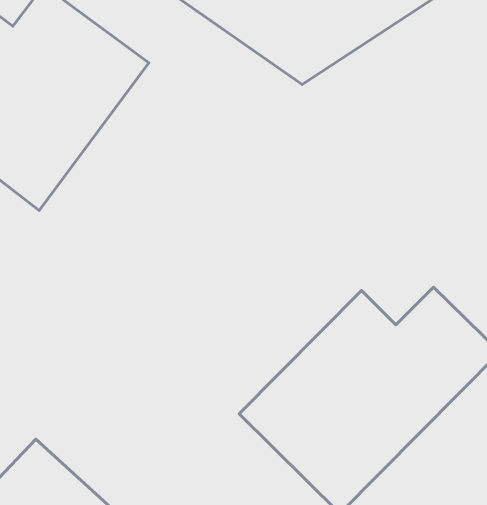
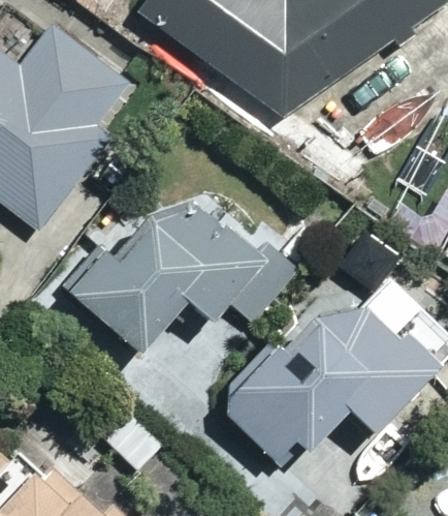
building: none -> [71,189,253,368]

